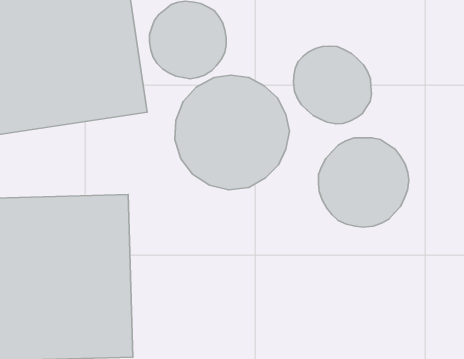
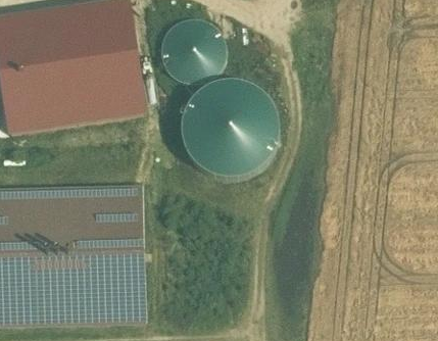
building: [293,46,371,124] -> none
building: [318,138,409,227] -> none

